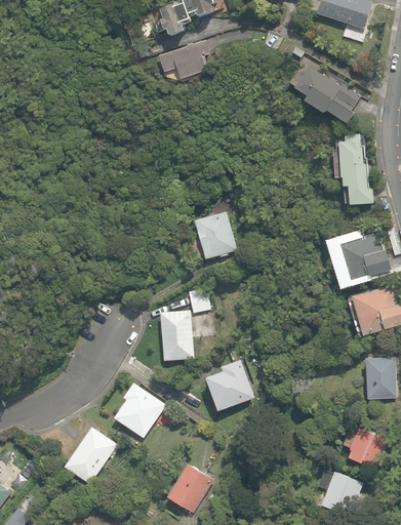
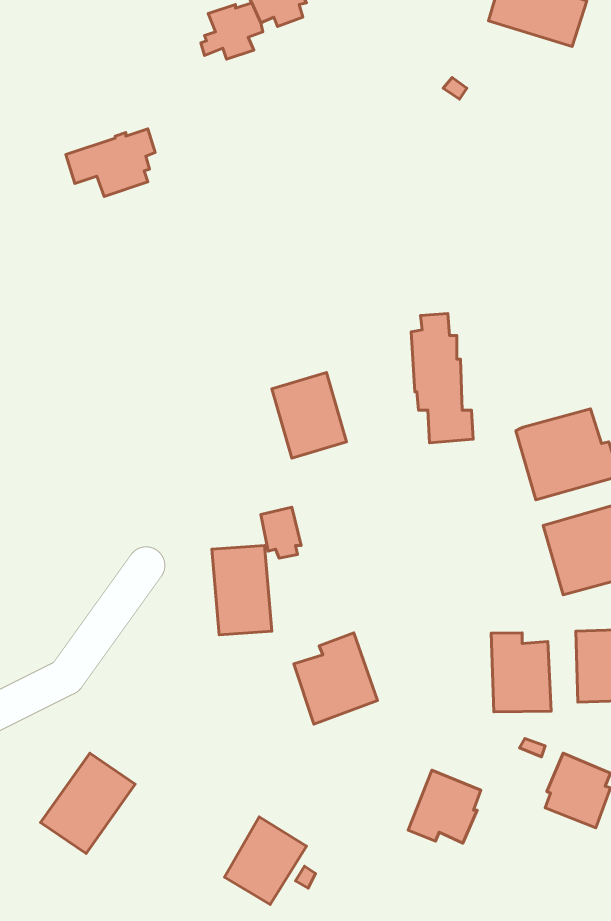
building: [158,41,208,79] -> [66,129,155,196]
building: [293,67,359,125] -> none
building: [337,133,372,206] -> [411,314,473,443]
building: none -> [491,633,551,712]
building: [114,381,165,437] -> none
building: [321,471,362,512] -> [408,770,481,843]

